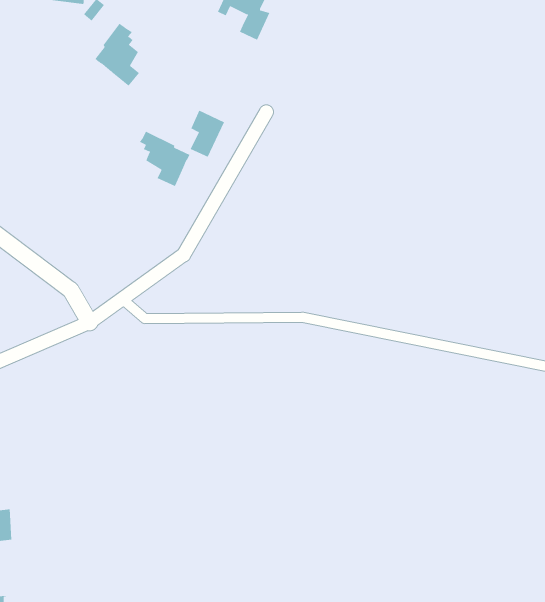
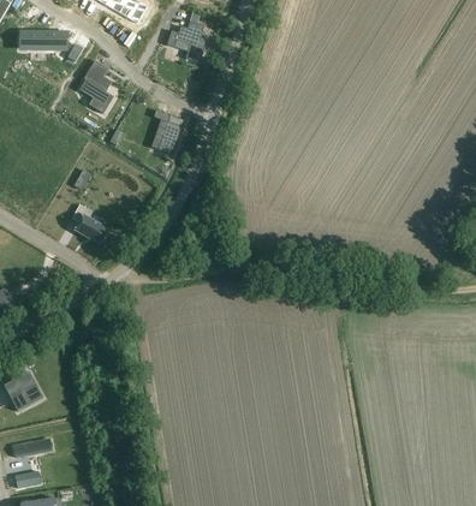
building: [139,131,190,187] -> none
building: none -> [71,206,107,245]

